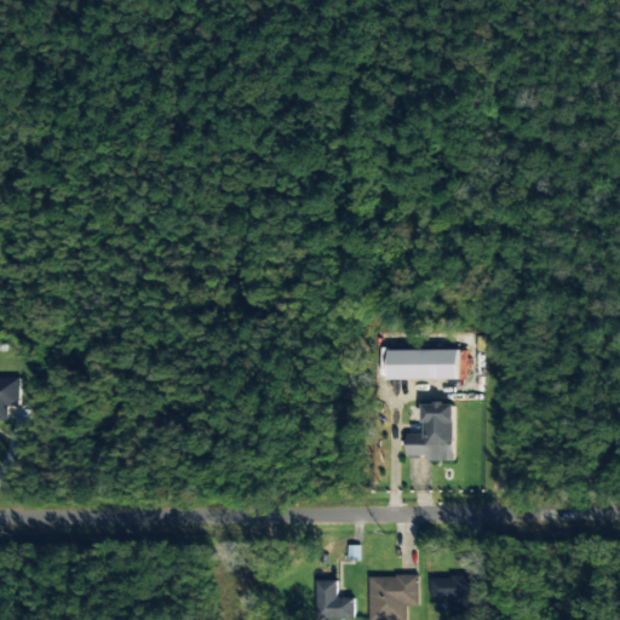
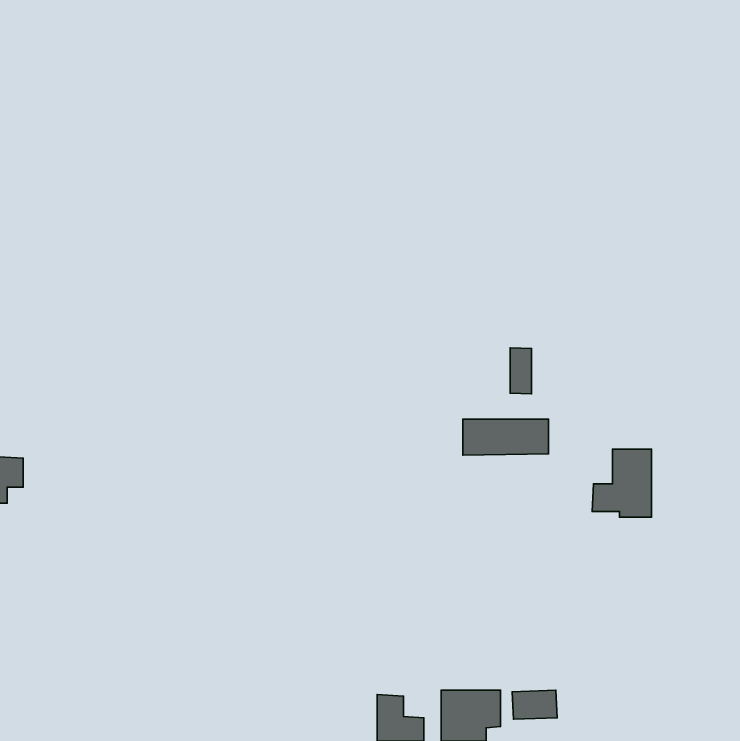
building: none -> [510,348,532,394]
building: [404,404,454,461] -> [592,449,652,517]

